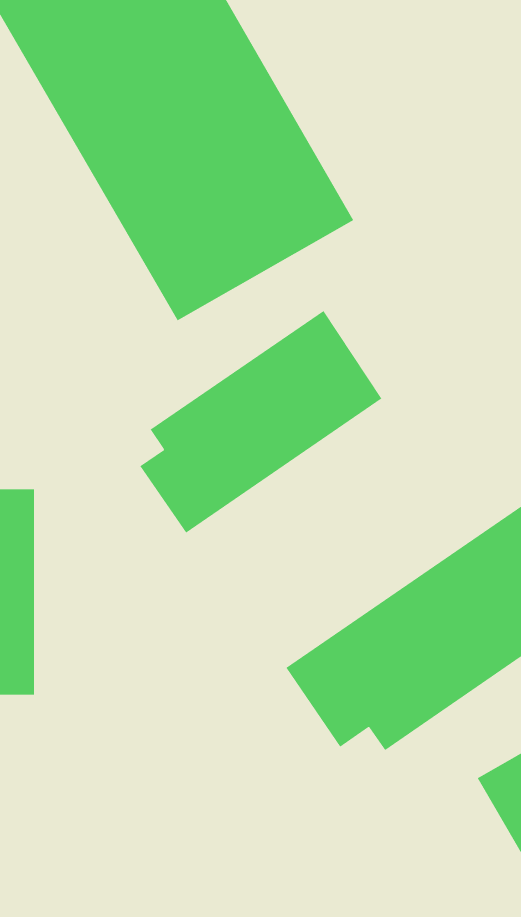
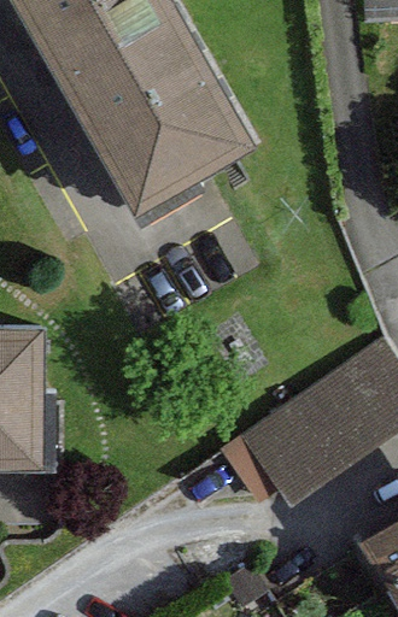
building: [139,310,382,533] -> none

